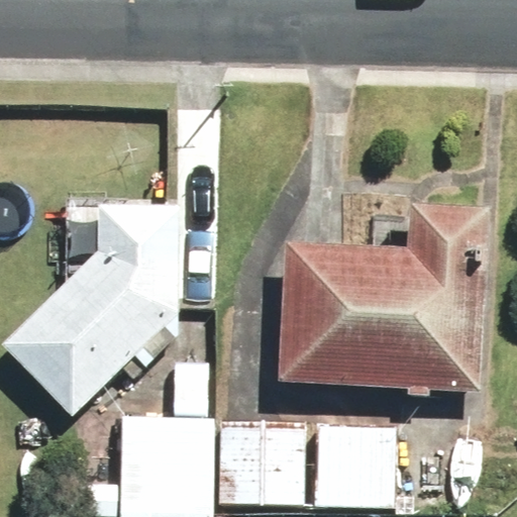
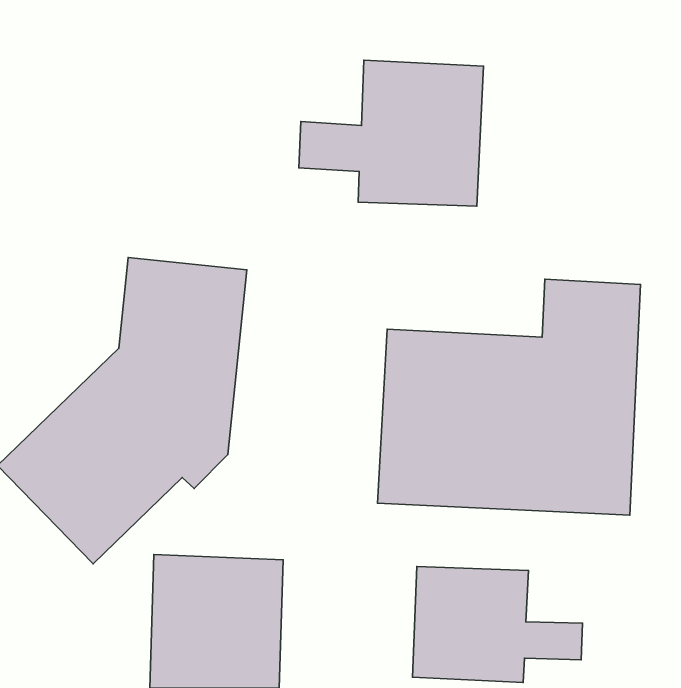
building: none -> [299,60,483,206]
building: [215,421,305,507] -> none

